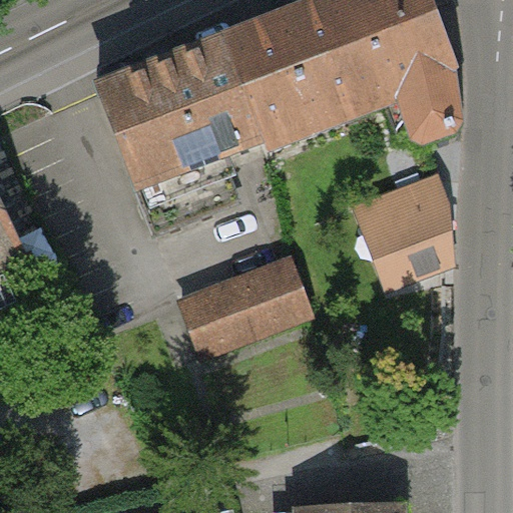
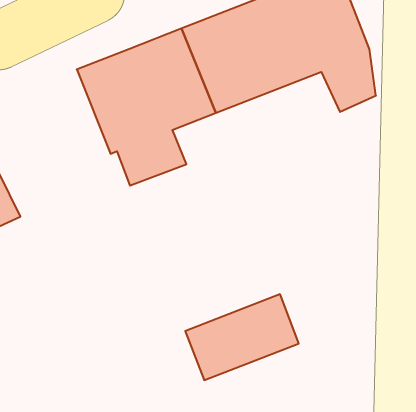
building: [350,168,454,291] -> none
building: [177,254,317,360] -> [185,294,299,380]

